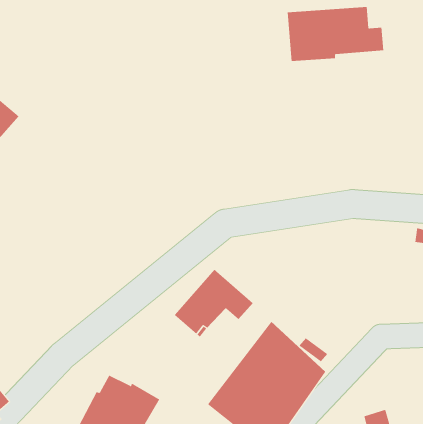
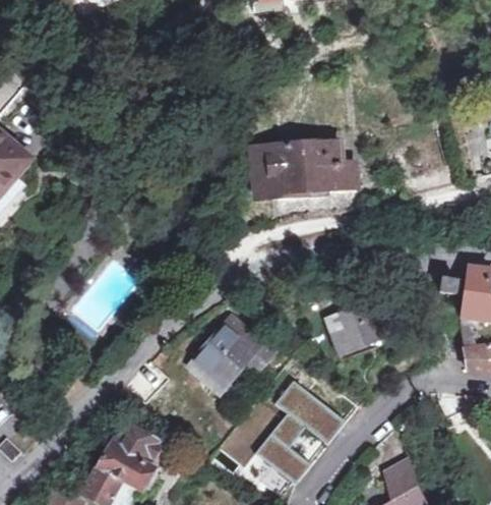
building: [287,6,384,61] -> [253,141,354,198]
building: none -> [329,301,382,346]

